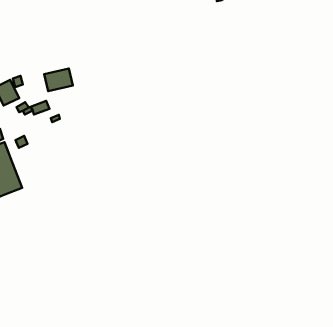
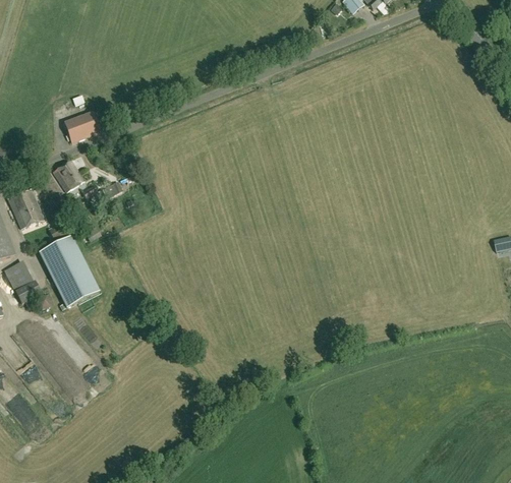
building: [44,68,73,91] -> [63,112,100,142]

